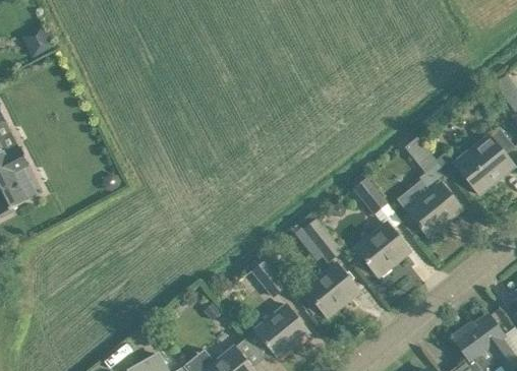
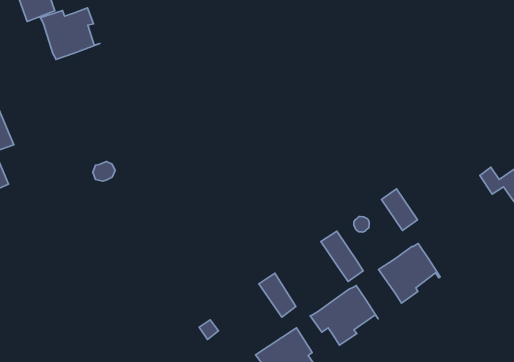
building: none -> [40,8,100,60]
building: [405,137,461,238] -> none

